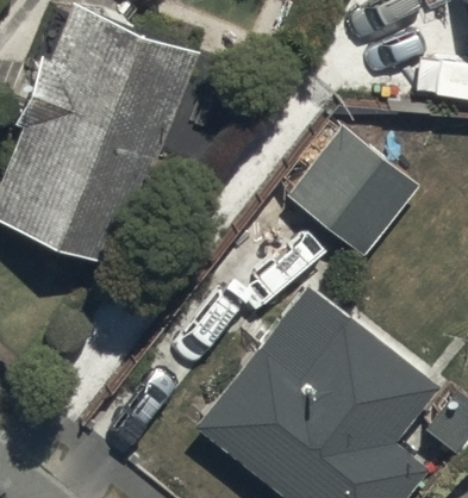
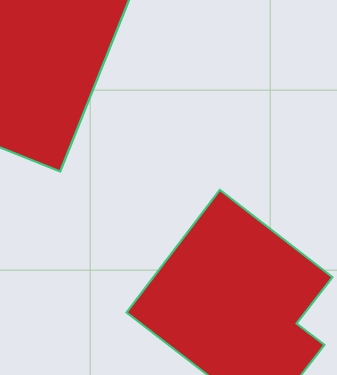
building: [283,122,420,257] -> none

